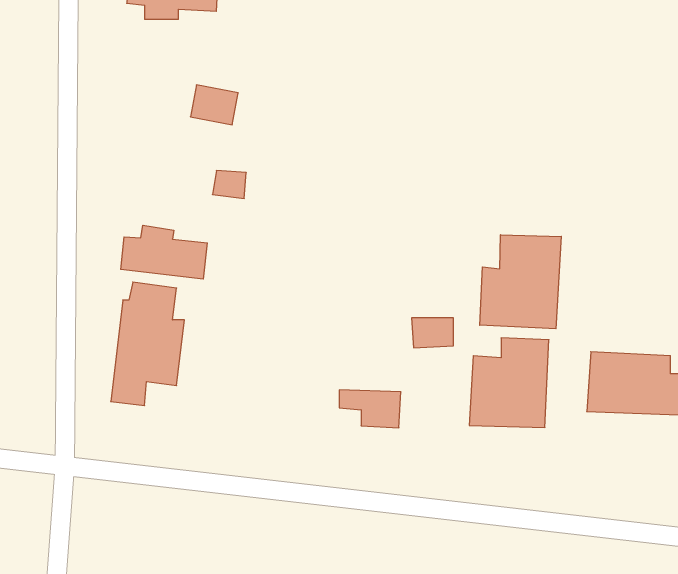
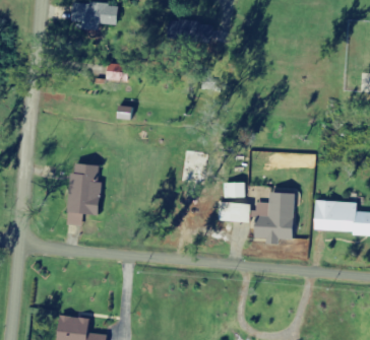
building: [121,225,207,279] -> none
building: [480,235,561,329] -> none
building: [339,390,401,428] -> [212,202,244,221]

